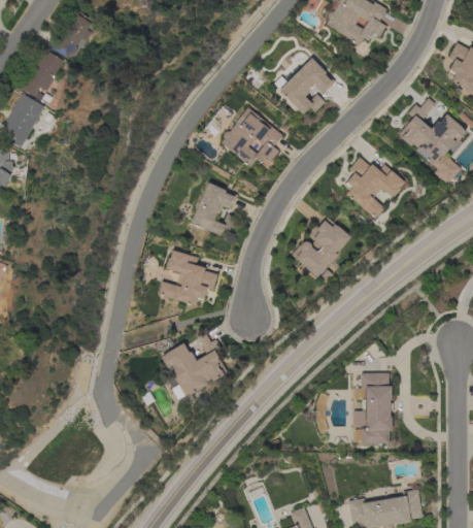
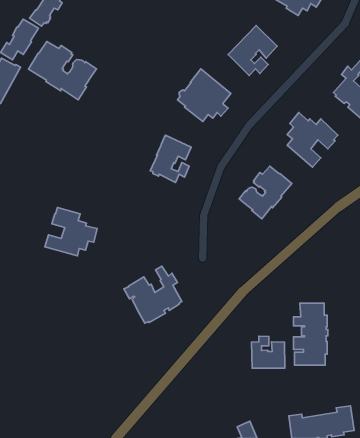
building: none -> [28,41,96,100]
building: [158,251,217,305] -> [45,208,97,256]
building: none -> [252,336,285,368]

